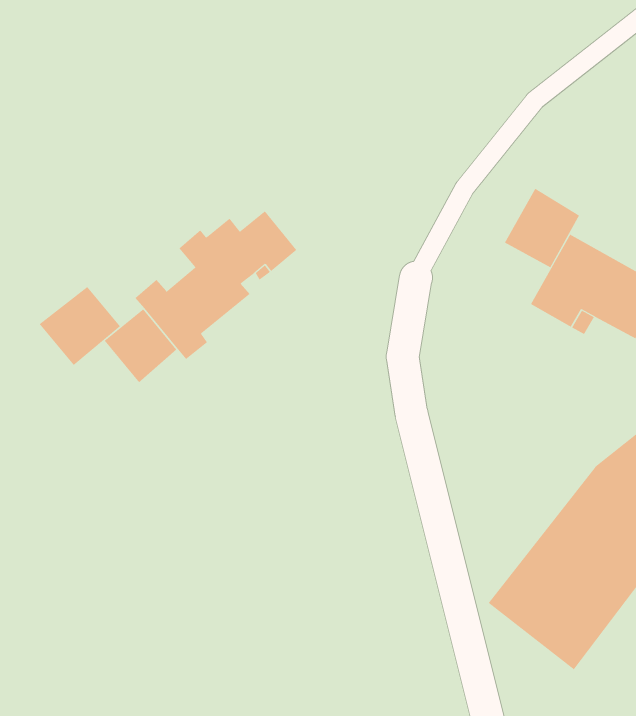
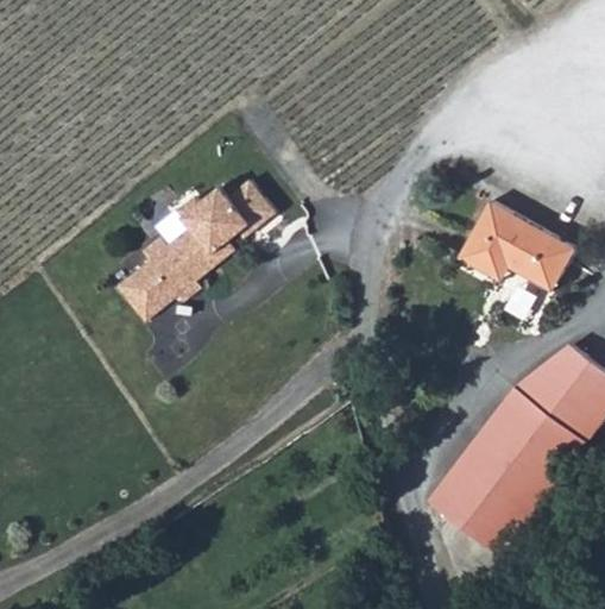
building: [504,188,580,268] -> none
building: [39,286,121,366] -> none

